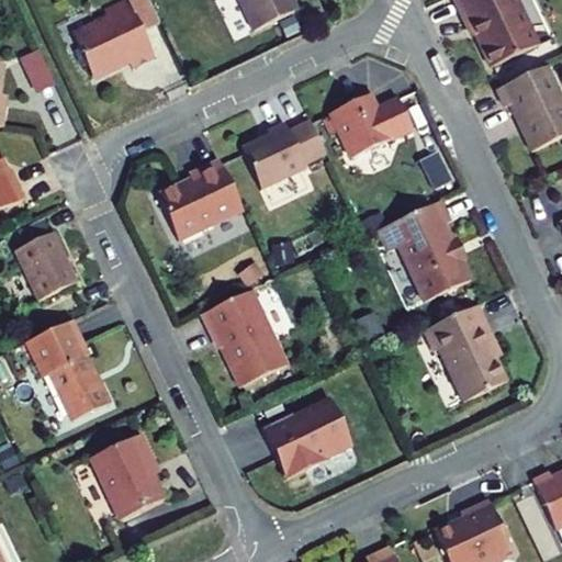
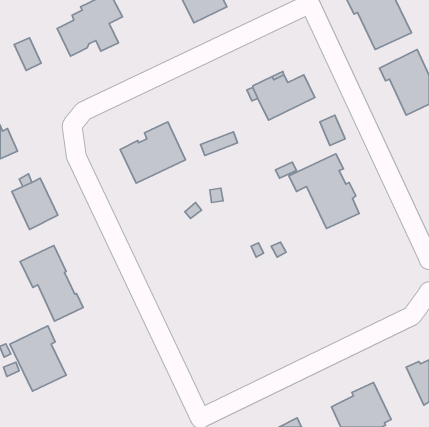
building: [241,121,325,188] -> none
building: [201,290,285,385] -> none
building: [424,304,506,402] -> none
building: [261,398,352,479] -> none
building: [90,434,164,519] -> [10,326,66,391]

